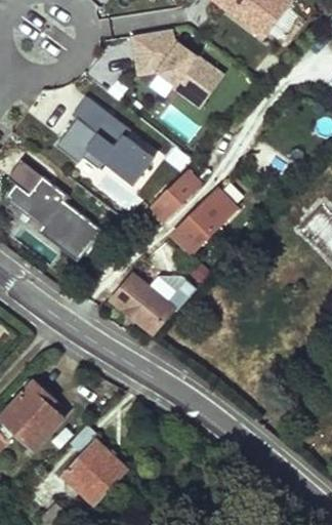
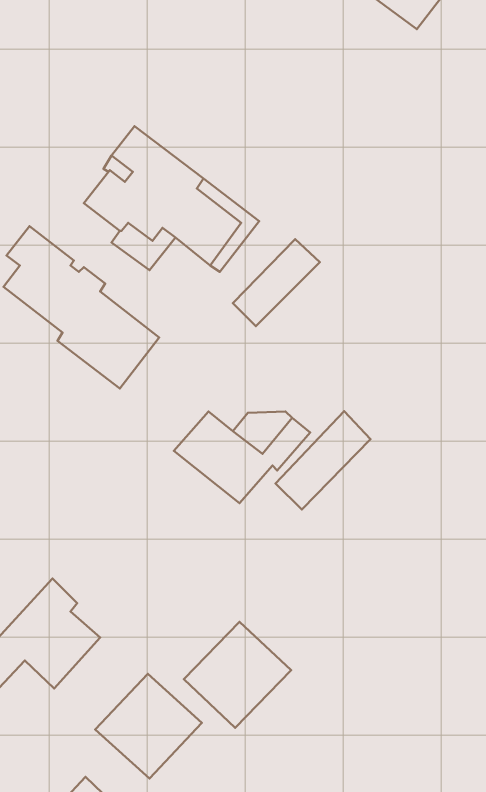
building: [132,29,221,107] -> none
building: [174,190,234,251] -> [275,411,371,510]
building: none -> [184,622,291,728]

